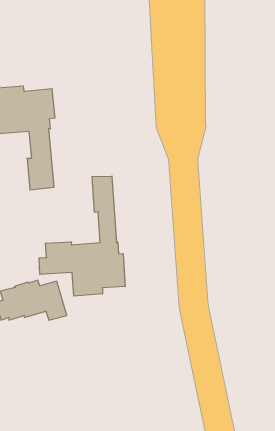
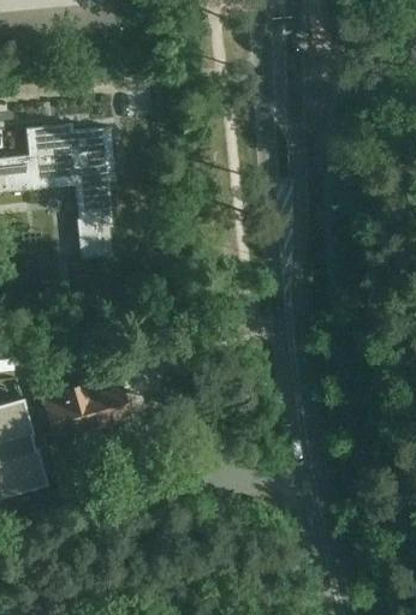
building: [39,176,125,296] -> none

